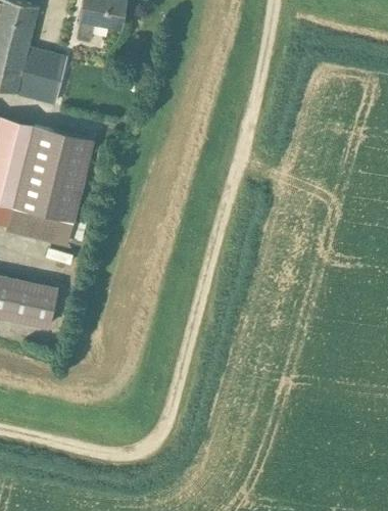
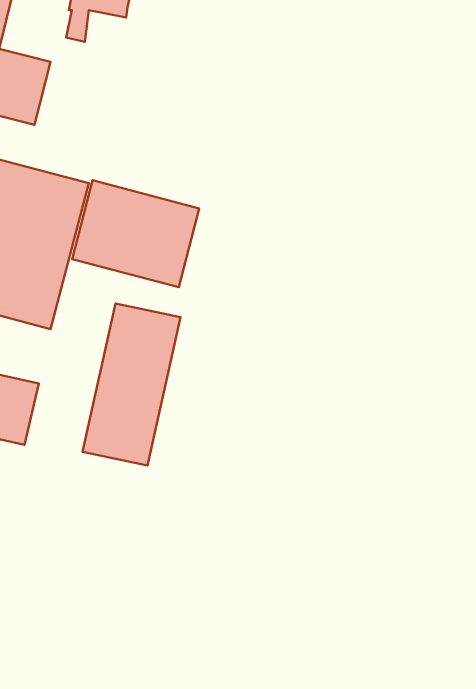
building: none -> [72,180,199,287]
building: none -> [82,304,181,465]

